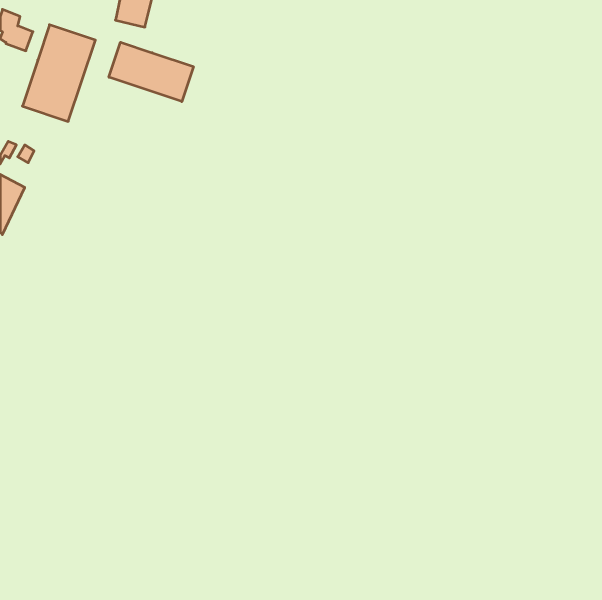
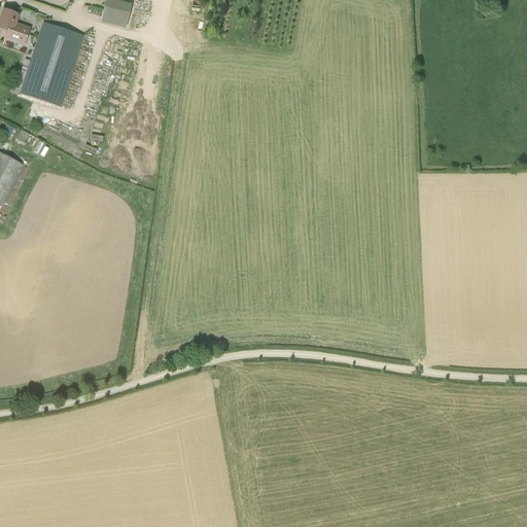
building: [109,42,193,102] -> none

